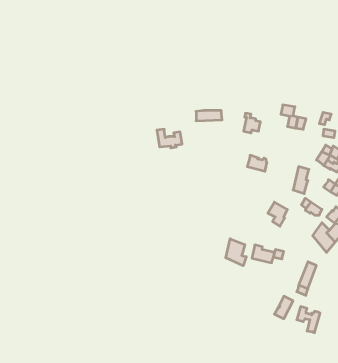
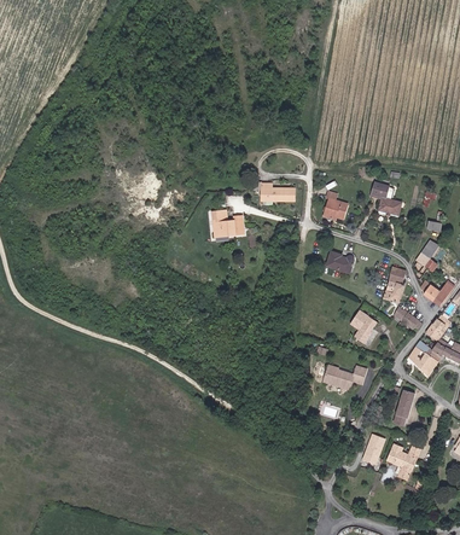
building: [226,239,246,266] -> none

